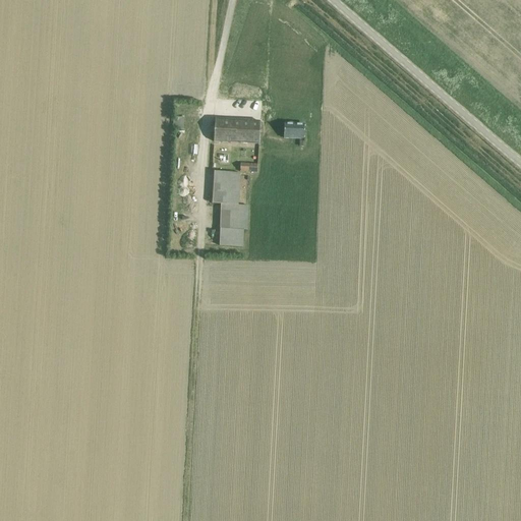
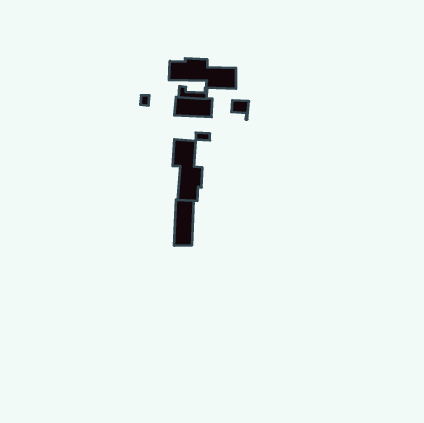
building: none -> [169,58,236,89]
building: none -> [174,200,194,246]

